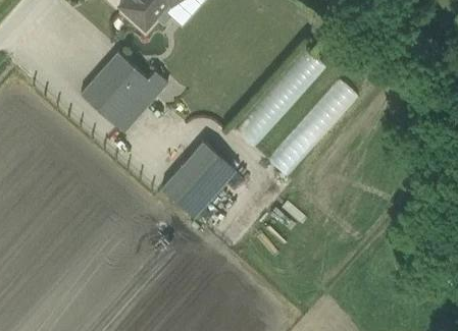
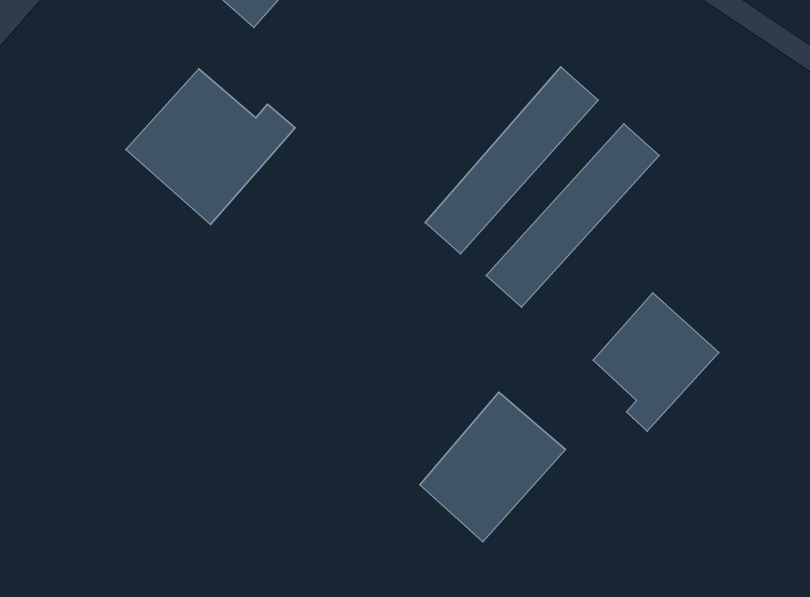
building: [161,141,237,218] -> [420,392,566,542]
building: none -> [593,293,719,431]

